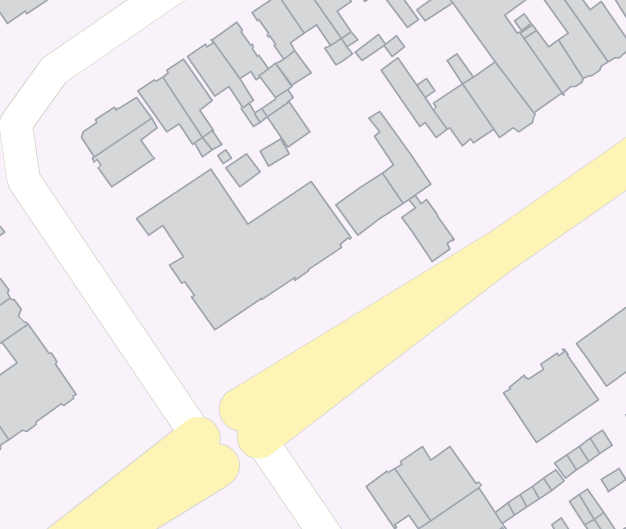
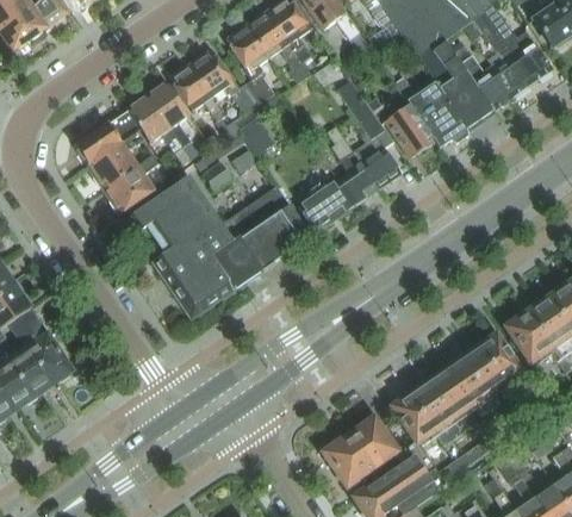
building: none -> [102,152,160,213]
building: [402,195,454,261] -> [353,131,398,188]
building: none -> [388,369,471,448]

